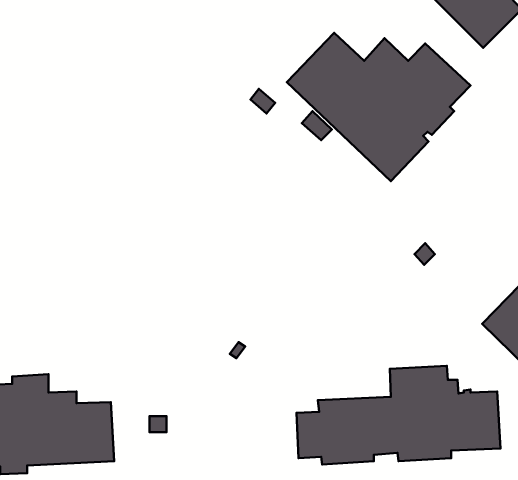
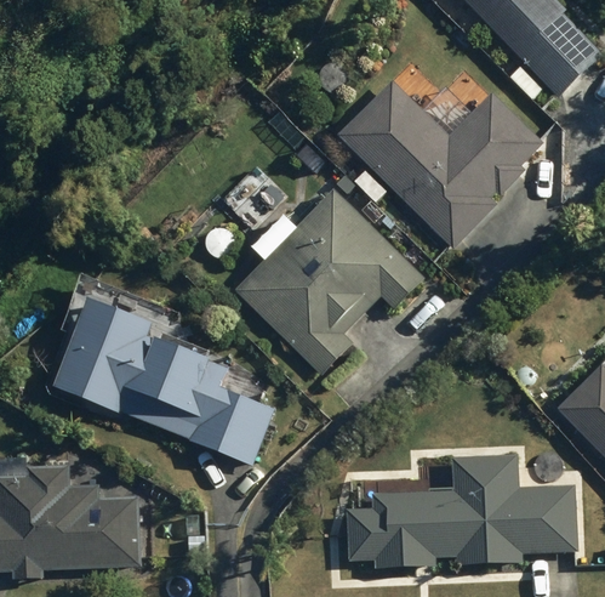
building: none -> [236,189,423,371]
building: none -> [48,300,272,459]

